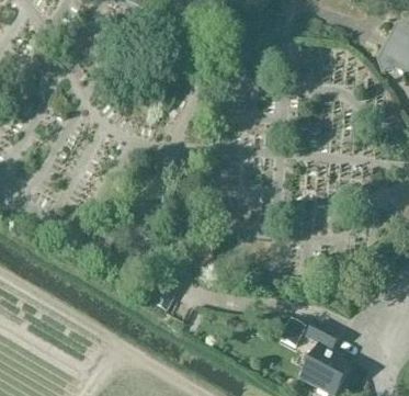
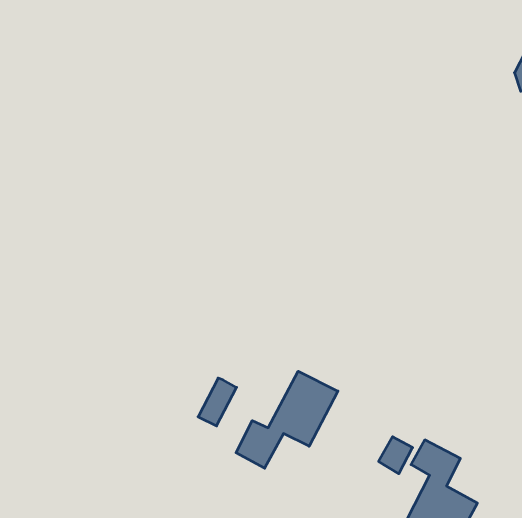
building: none -> [236,371,338,468]

